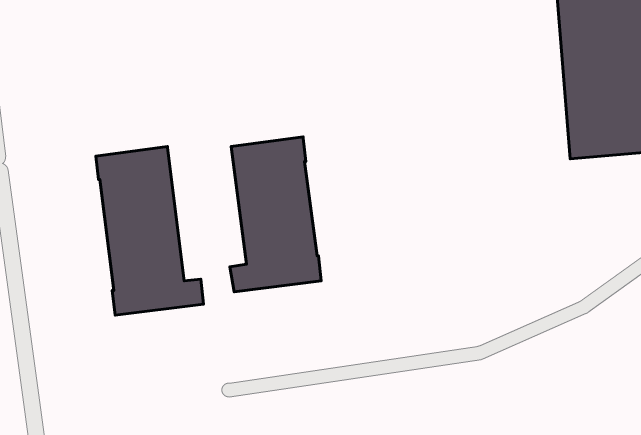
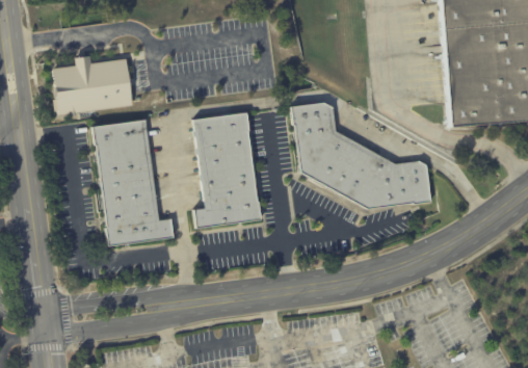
building: none -> [53,54,135,114]
building: none -> [291,101,434,209]

